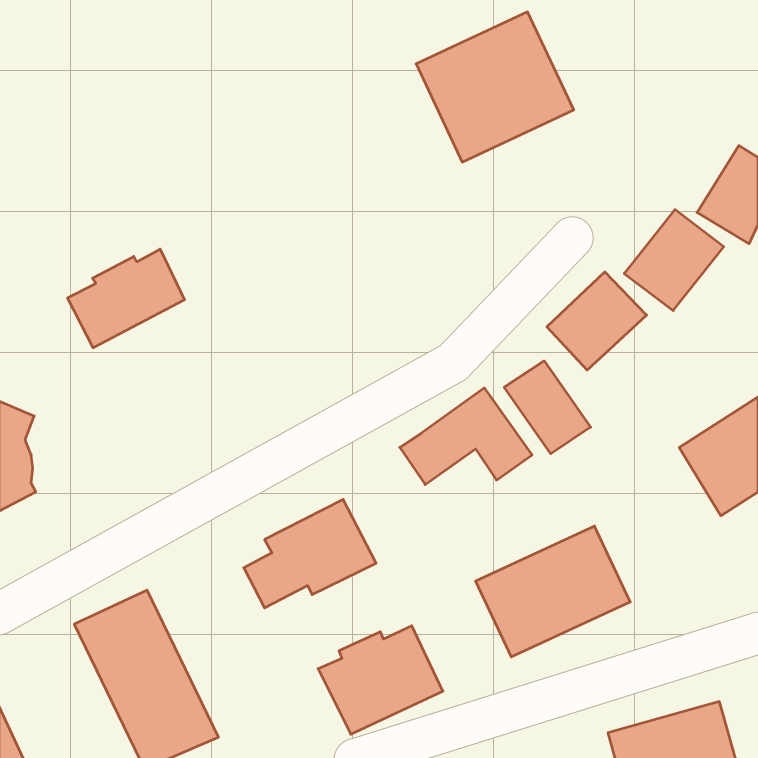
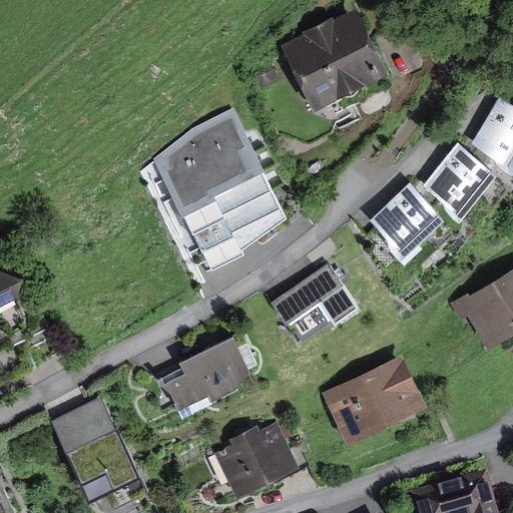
building: none -> [151,109,287,274]
building: [68,249,184,348] -> none
building: [504,361,591,454] -> none

